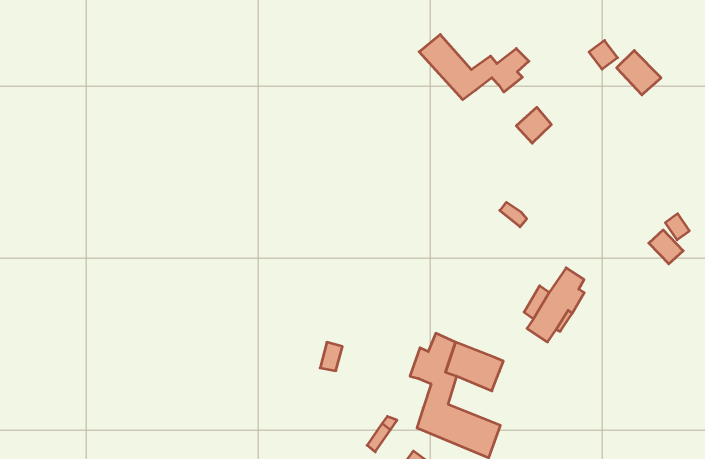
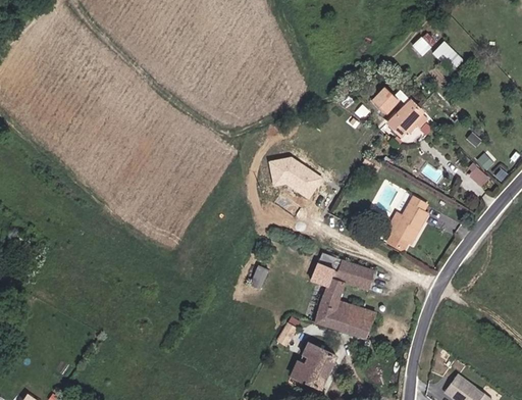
building: [419,34,529,100] -> none
building: none -> [386,102,428,138]
building: none -> [270,160,323,201]

